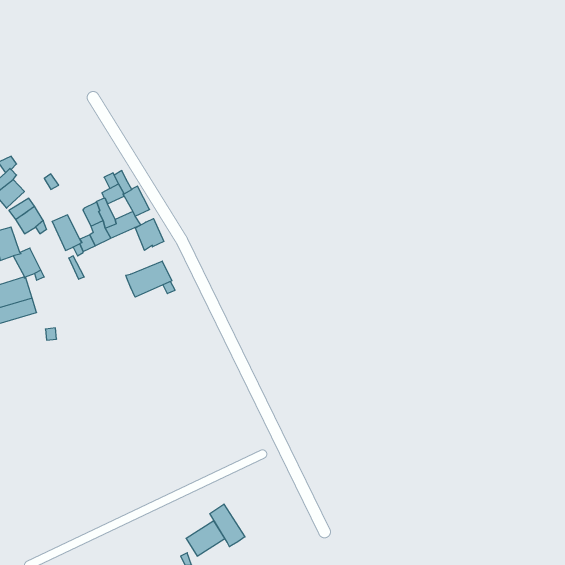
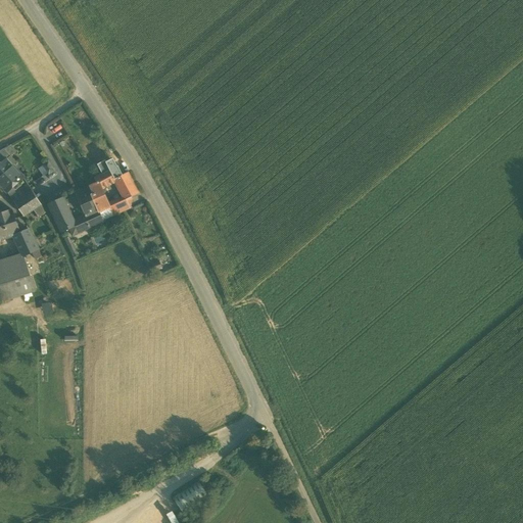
building: [134,219,164,250] -> none
building: [126,261,172,297] -> none
building: [210,504,245,547] -> none

